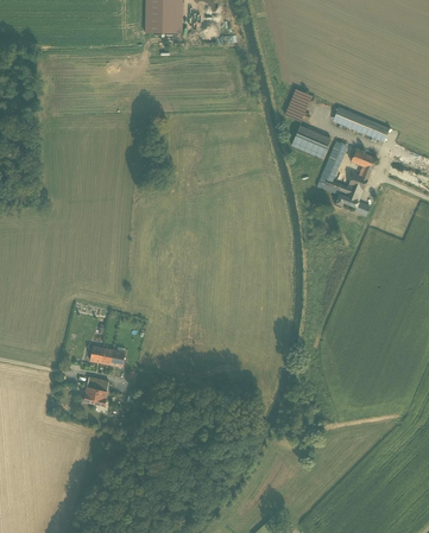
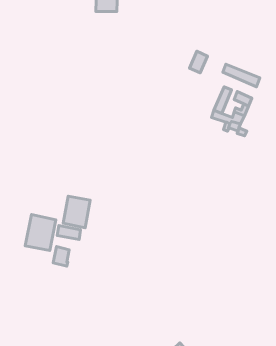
building: [291,126,329,158] -> none
building: none -> [63,196,90,228]
building: none -> [25,214,56,251]

